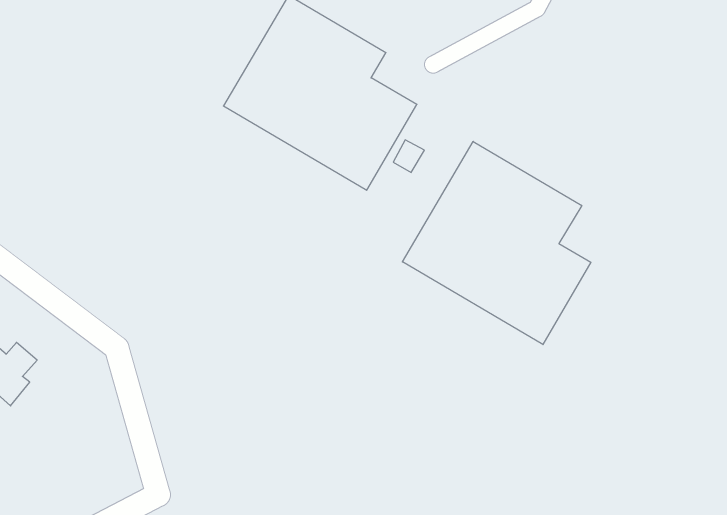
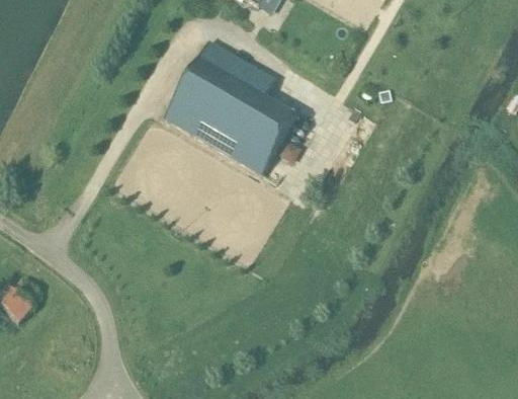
building: [402,141,591,345] -> none

